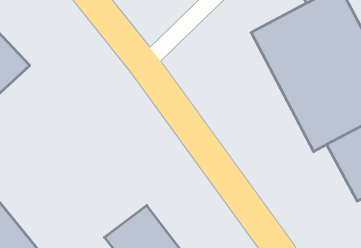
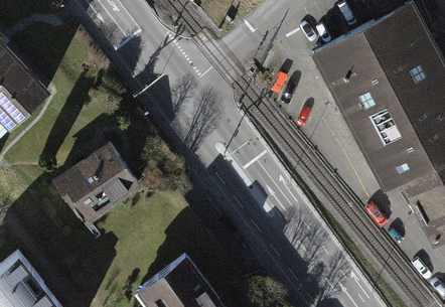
building: none -> [52,139,142,221]

